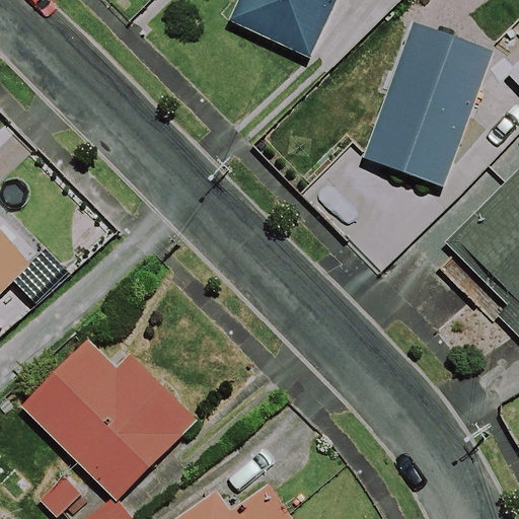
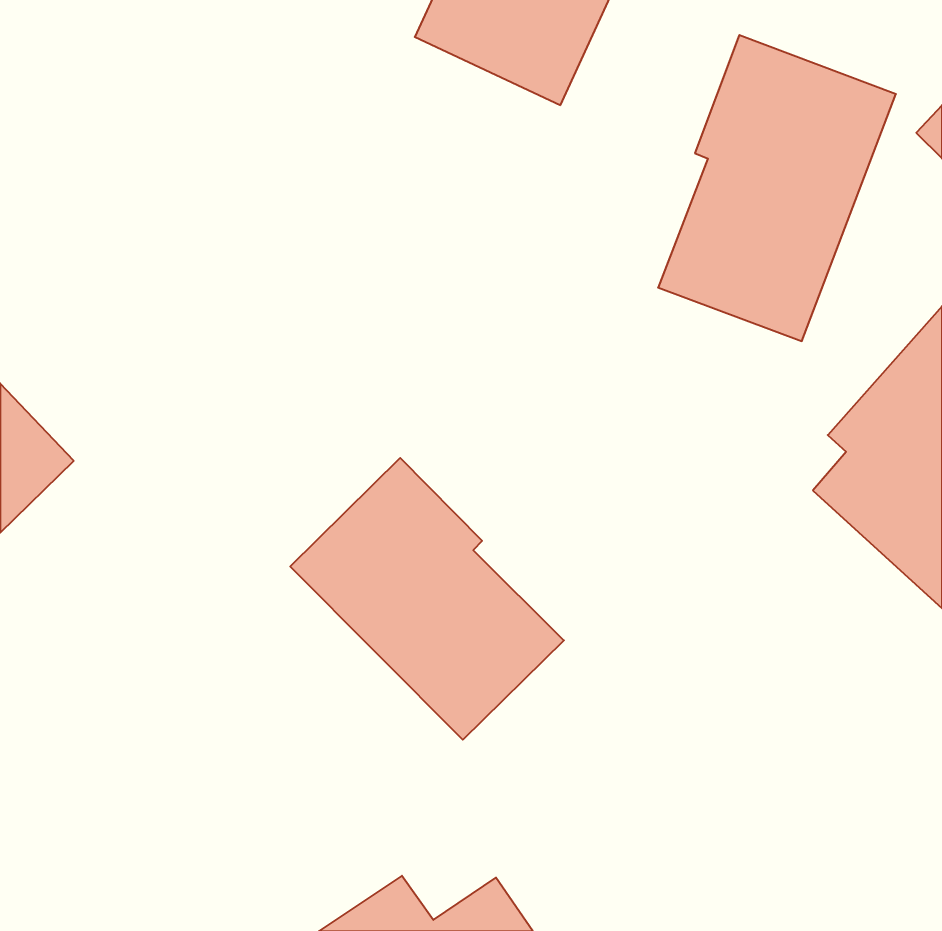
building: none -> [290,458,564,740]
building: [21,339,196,501] -> none

